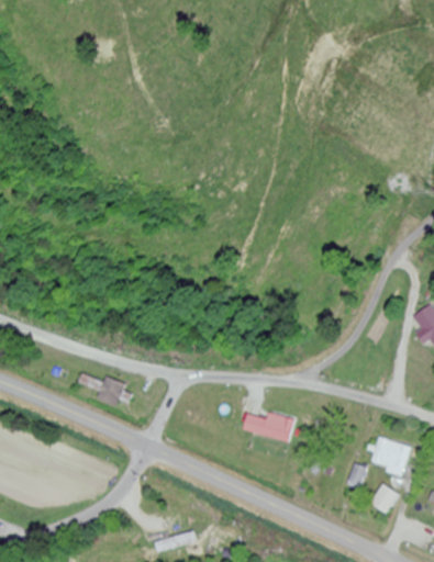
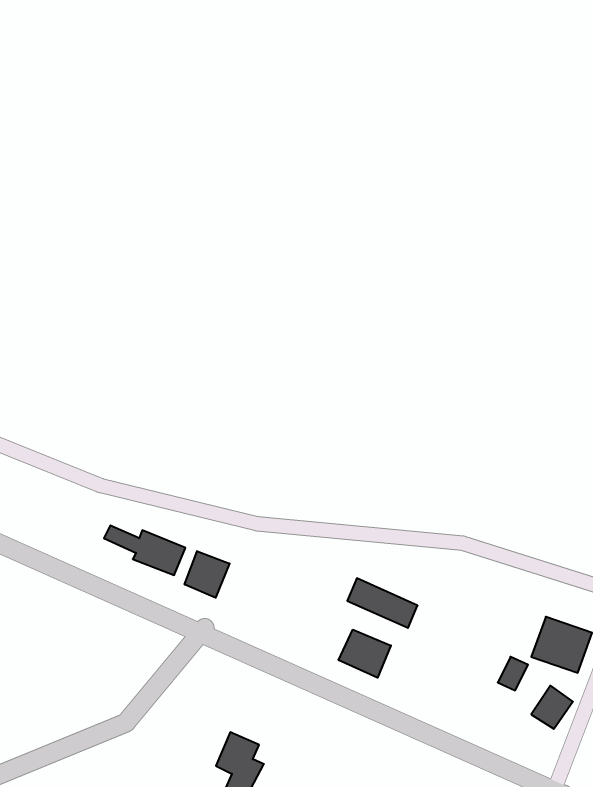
building: none -> [185,551,230,598]
building: none -> [339,630,391,678]

